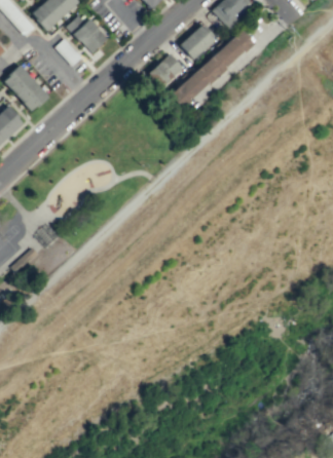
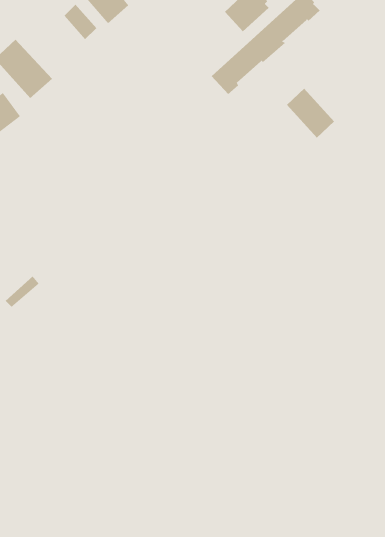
building: [151,53,186,88] -> none
building: none -> [286,88,335,139]

